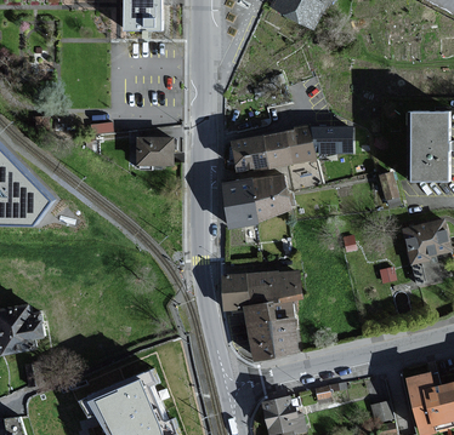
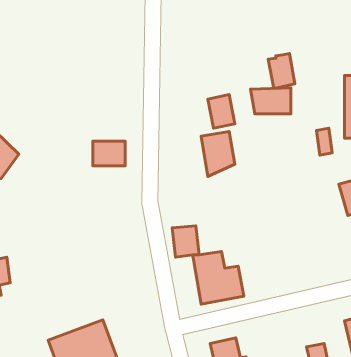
building: [283,126,312,164] -> [268,54,295,88]
building: [229,137,266,170] -> none
building: [135,138,170,165] -> [93,141,125,166]
building: [223,177,260,225] -> none
building: [246,268,300,305] -> none

